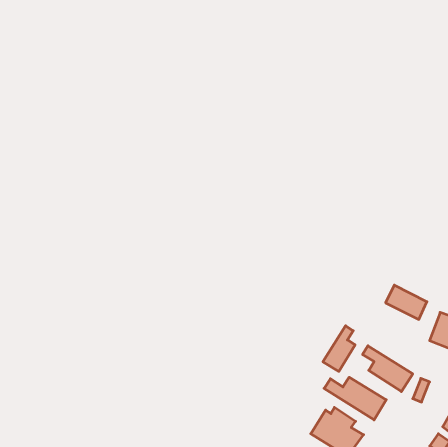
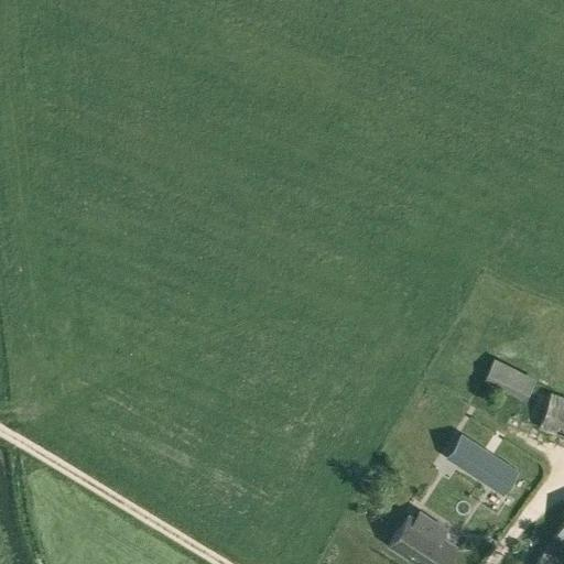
building: [323,326,355,371] -> none
building: [324,377,386,420] -> none

